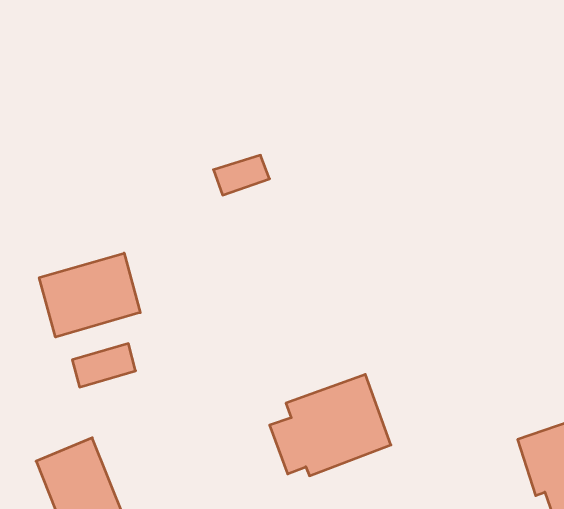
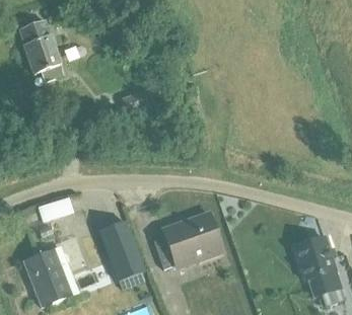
building: none -> [18,19,64,81]
building: [39,253,140,337] -> none
building: none -> [99,222,142,281]

